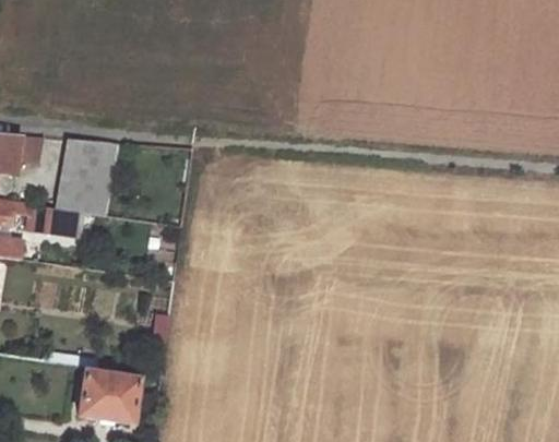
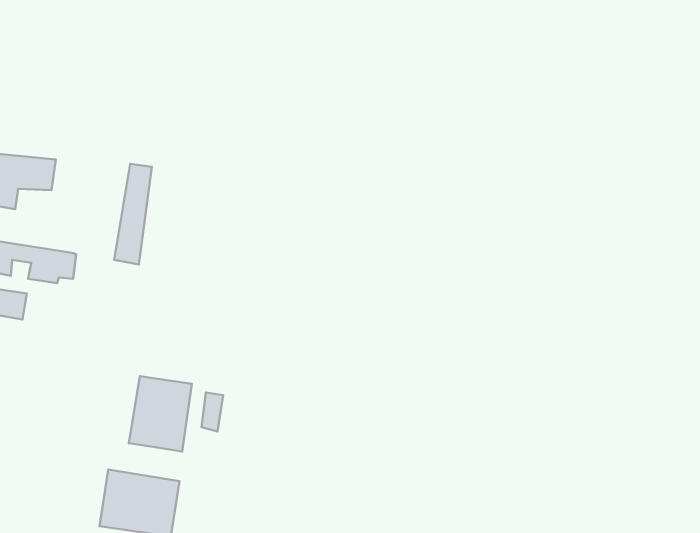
building: [56,140,99,214] -> none
building: none -> [129,376,192,451]

